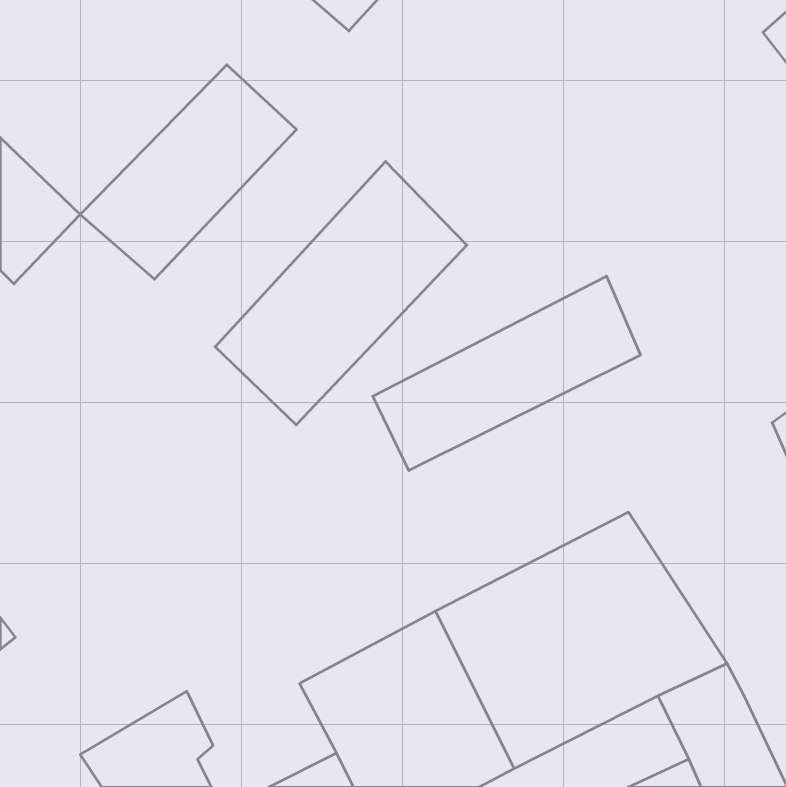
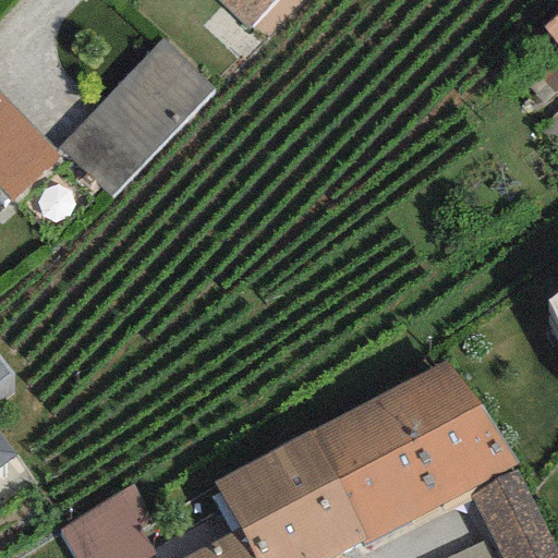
building: [215,161,467,425] -> none
building: [373,276,640,471] -> none

